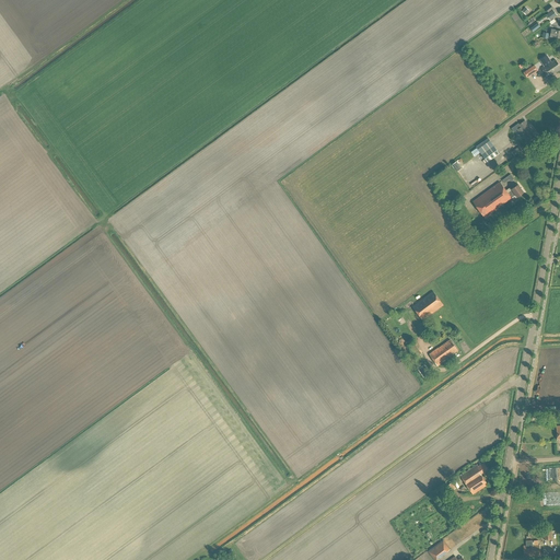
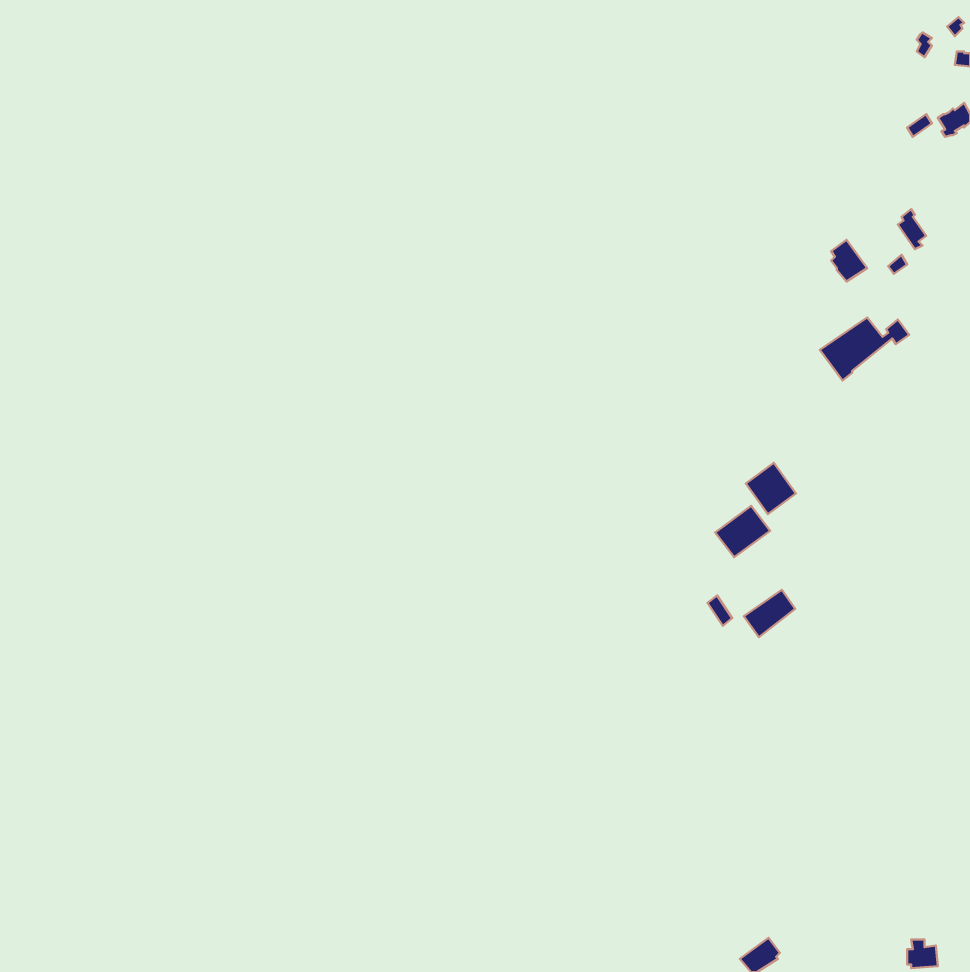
building: none -> [746,463,796,514]
building: [459,463,487,494] -> none

